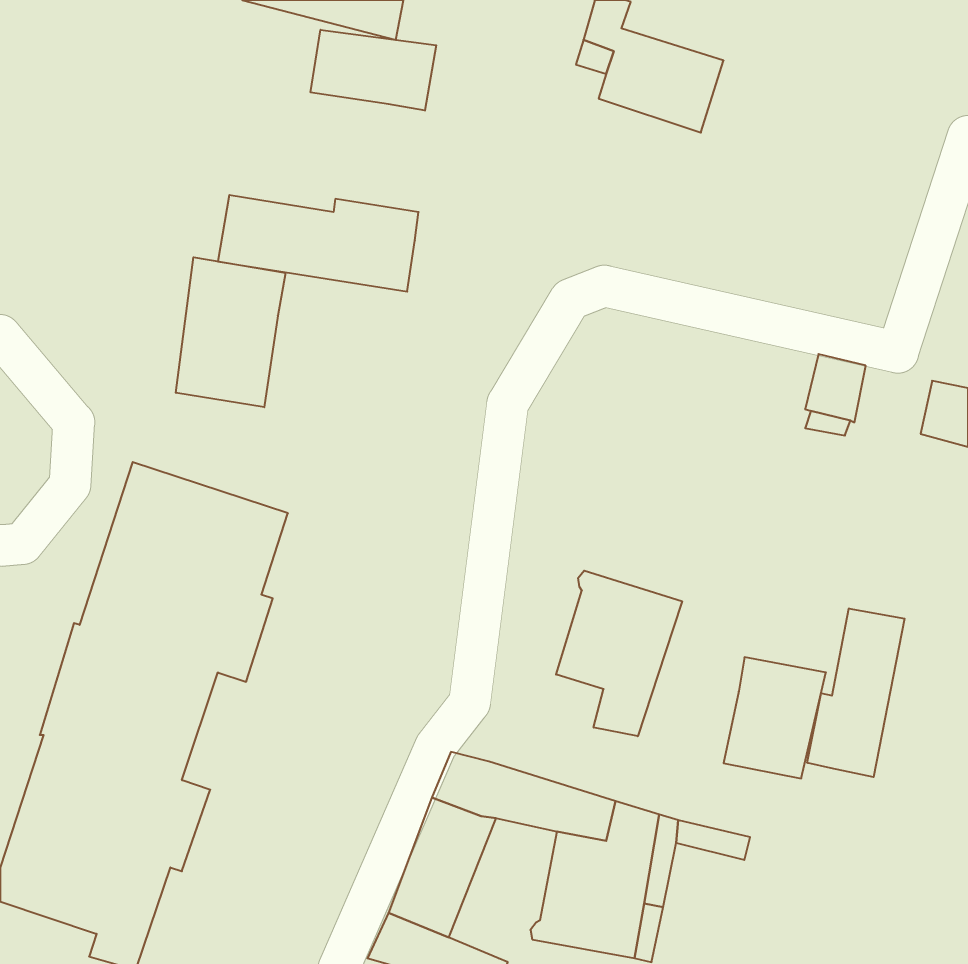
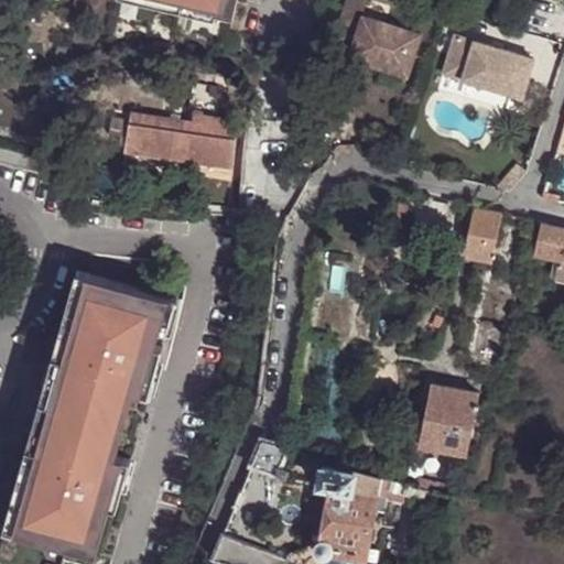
building: [311,30,436,111] -> none
building: none -> [443,39,533,100]
building: [176,257,286,407] -> none
building: [556,571,682,736] -> none
building: [807,608,905,777] -> none

